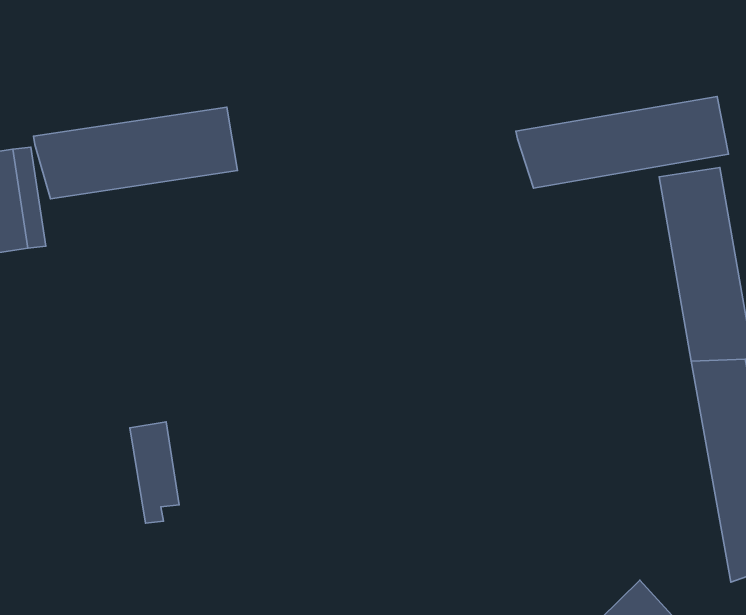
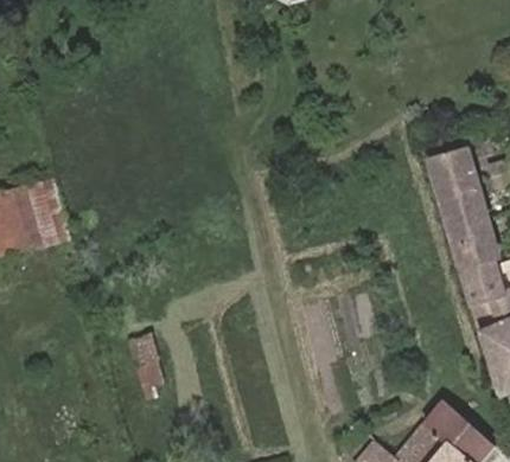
building: [516,97,728,188] -> none
building: [33,107,238,199] -> none

